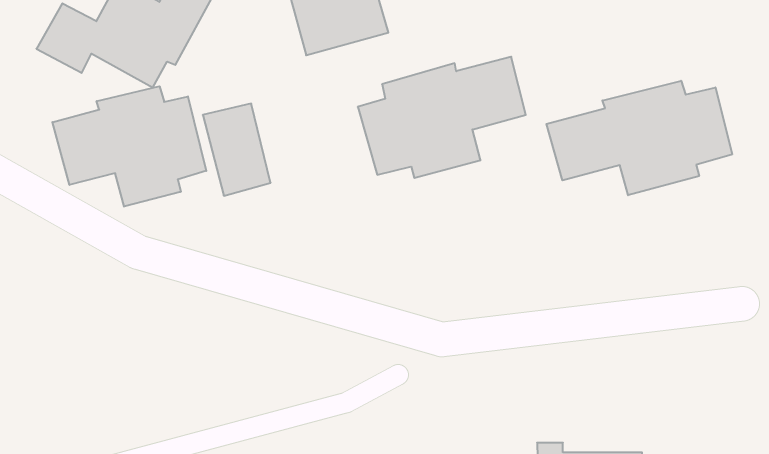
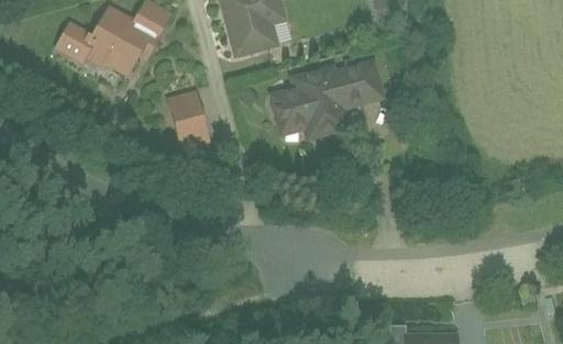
building: [546,81,732,195] -> none
building: [52,86,206,207] -> none

